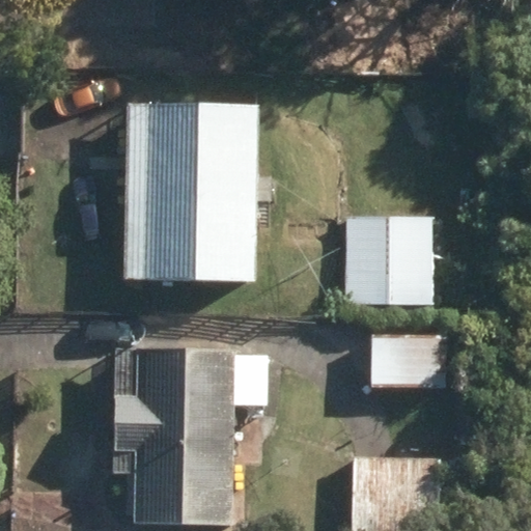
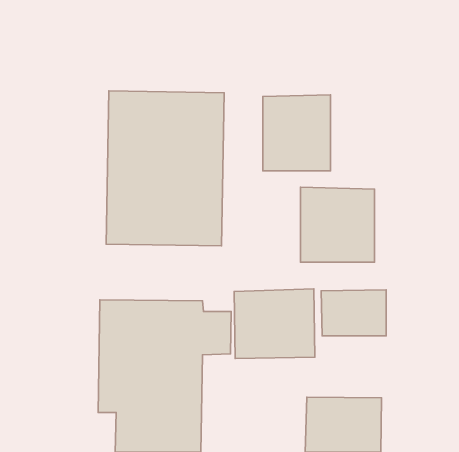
building: none -> [263,95,330,171]
building: none -> [234,289,315,358]

